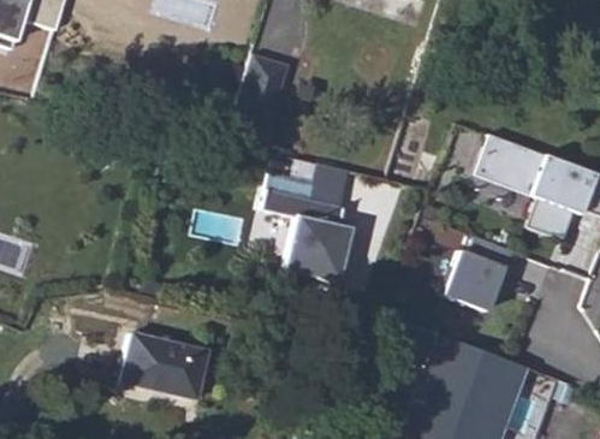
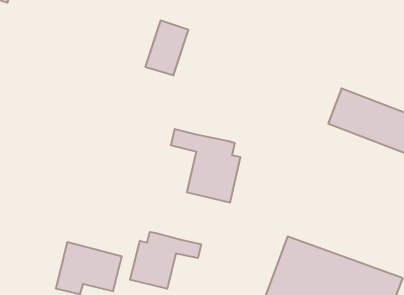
building: [299,168,344,204] -> none
building: [440,237,510,314] -> none
building: none -> [130,232,201,289]

